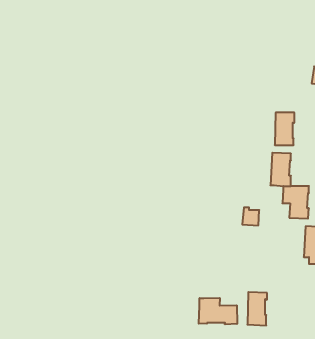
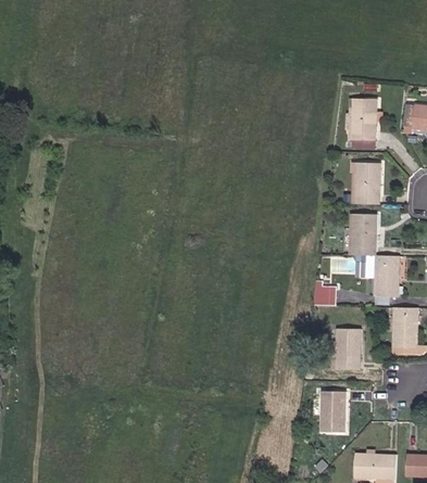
building: none -> [346,99,377,140]
building: none -> [336,329,360,370]
building: [199,298,237,324] -> none

